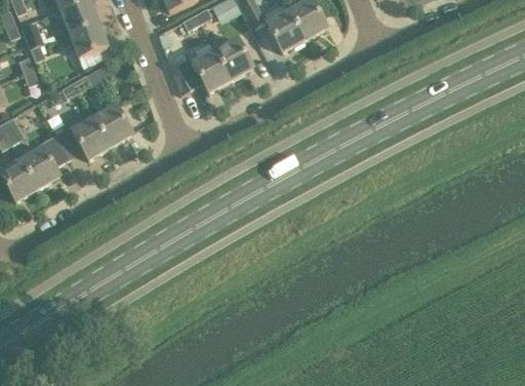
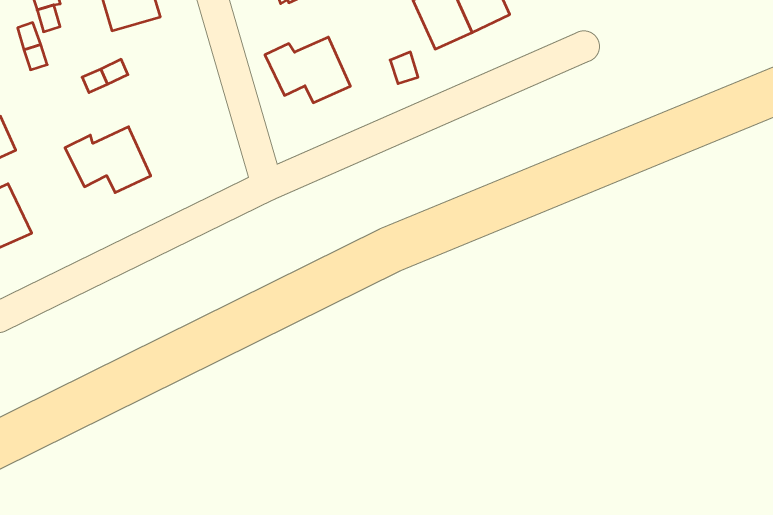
building: [214,37,253,79] -> none
building: [93,104,132,146] -> none
building: [21,132,69,188] -> none

